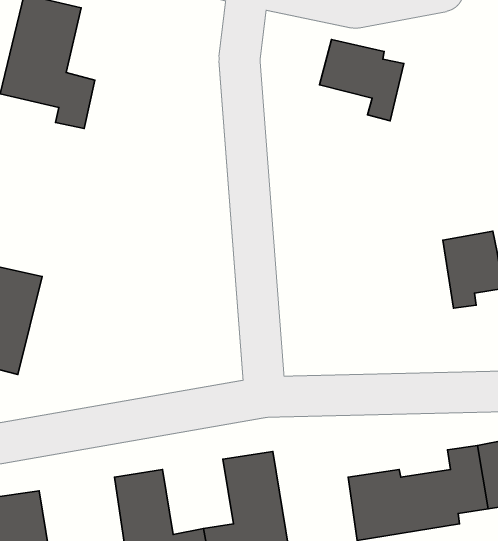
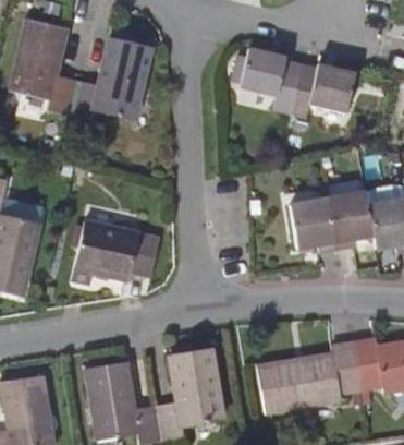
building: none -> [70,37,151,119]
building: none -> [291,67,354,113]
building: none -> [291,195,336,246]
building: none -> [71,219,159,282]

